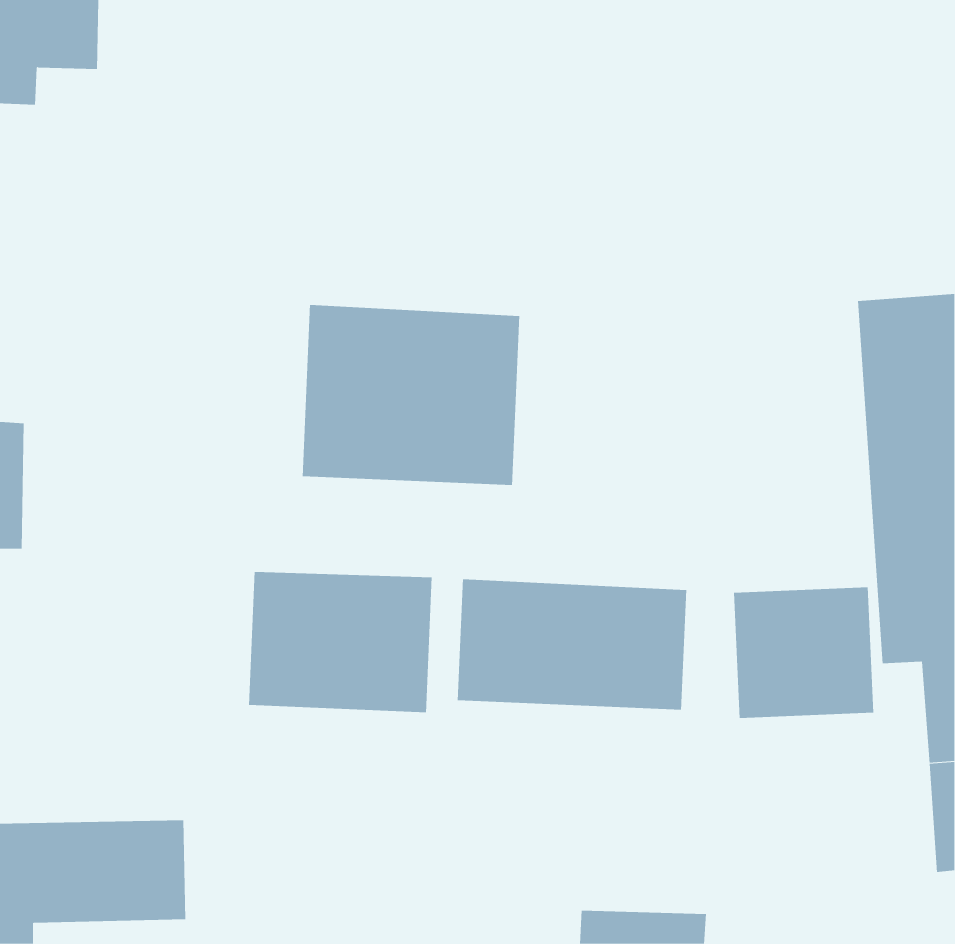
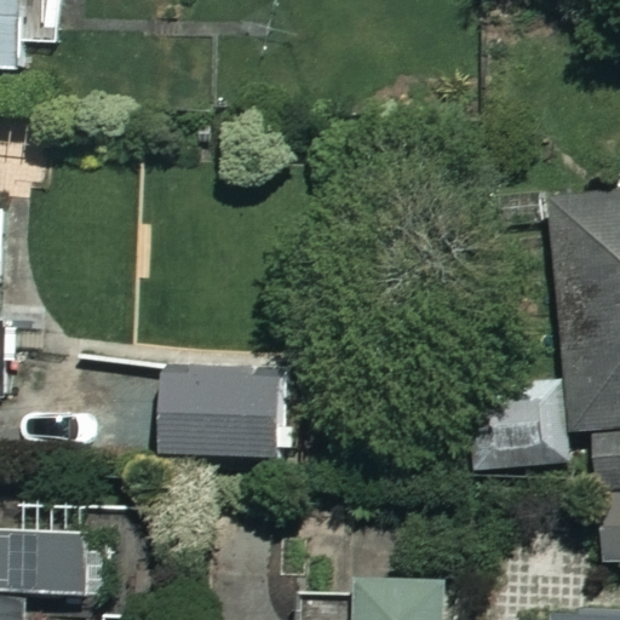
building: [302,304,520,486] -> none
building: [457,578,687,710] -> none

